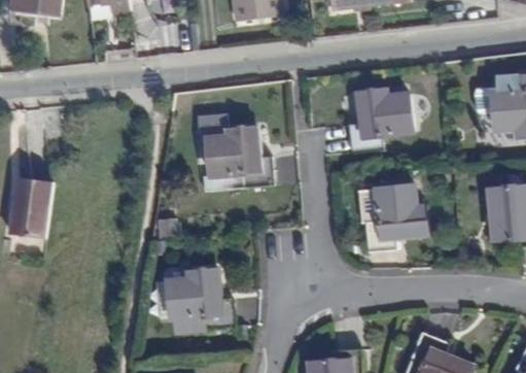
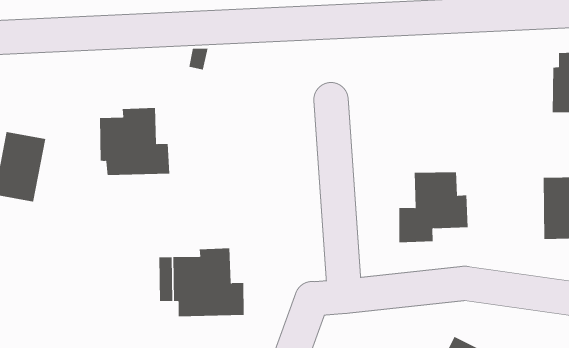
building: [349,89,412,151] -> none
building: [208,124,274,186] -> [99,108,170,175]

